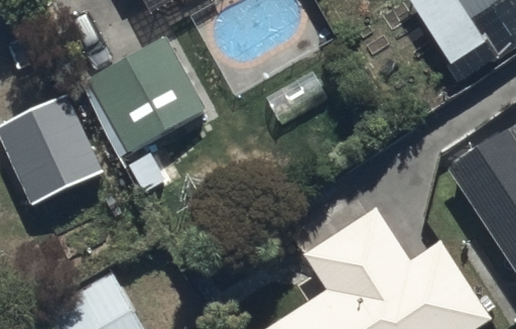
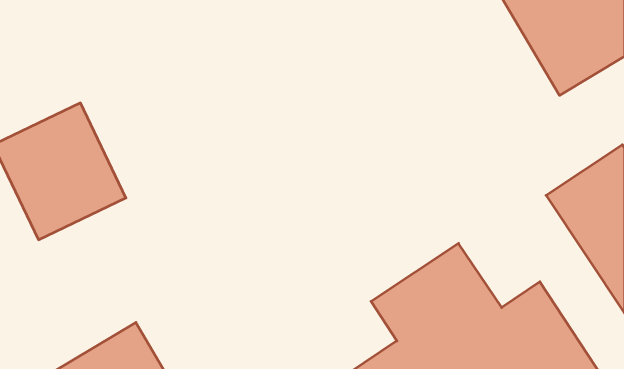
building: [88,37,206,152] -> none

